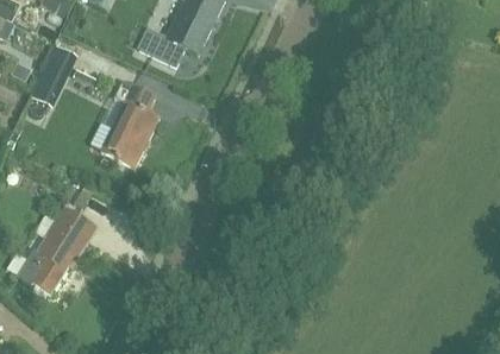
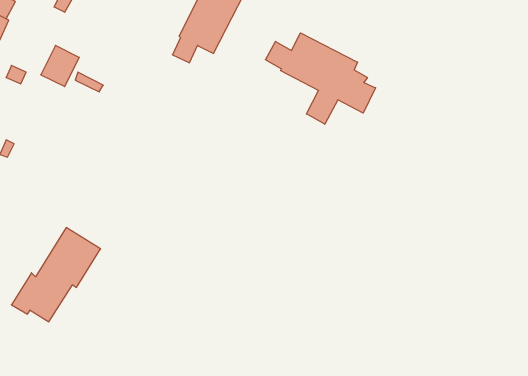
building: none -> [265,33,376,124]
building: [100,80,157,167] -> none

